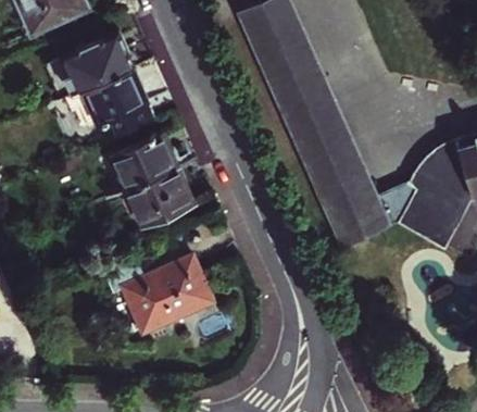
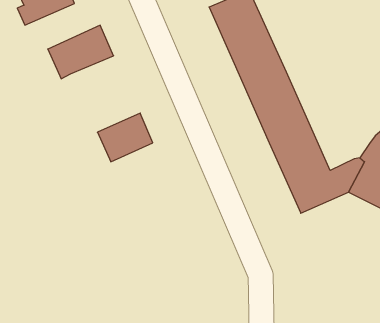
building: [81,70,152,140] -> none
building: [127,168,190,224] -> none
building: [103,258,211,333] -> none

